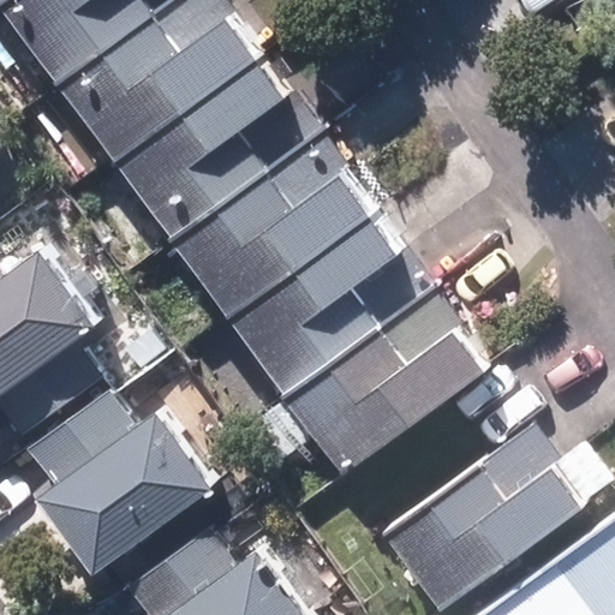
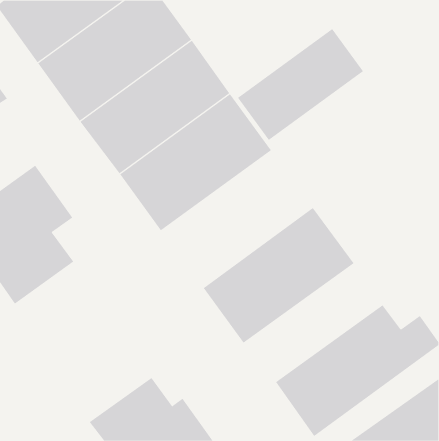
building: none -> [237,28,364,141]
building: [223,209,436,401] -> none
building: [31,381,225,557] -> none

